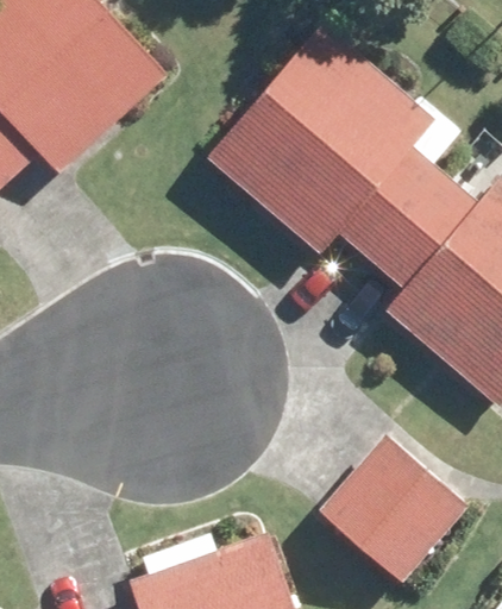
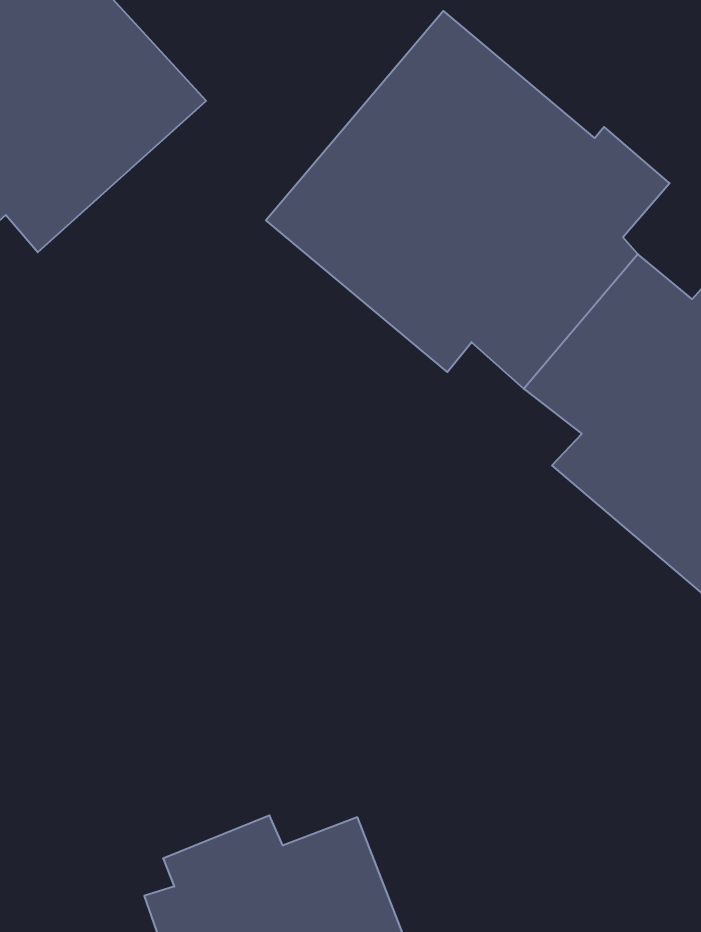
building: [319,435,465,582] -> none

